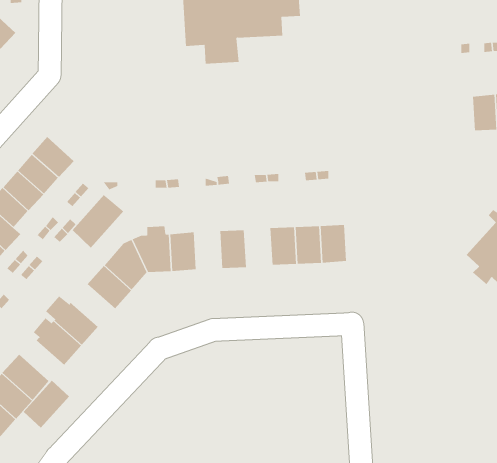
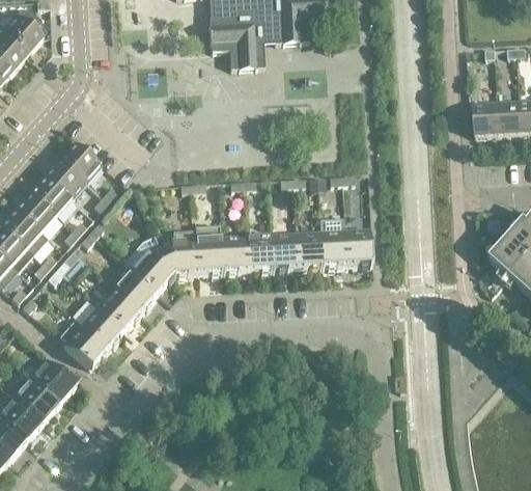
building: none -> [473,101,498,136]
building: [72,194,124,248] -> none
building: none -> [270,231,297,271]
building: none -> [220,235,247,273]
building: none -> [96,288,141,330]
building: [23,380,70,428] -> none

